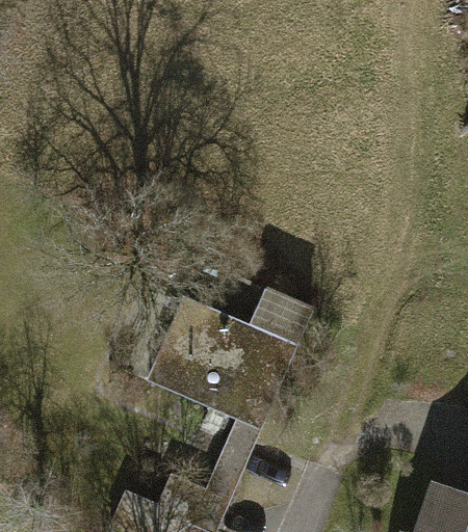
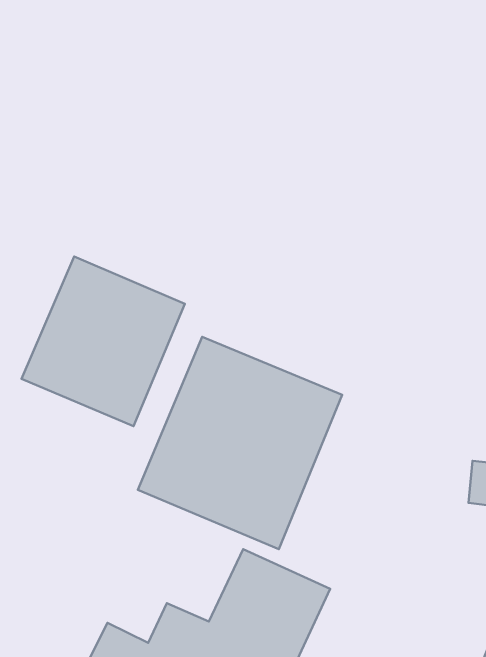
building: none -> [21,257,185,426]

